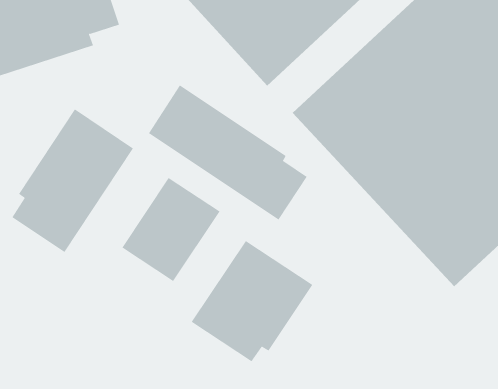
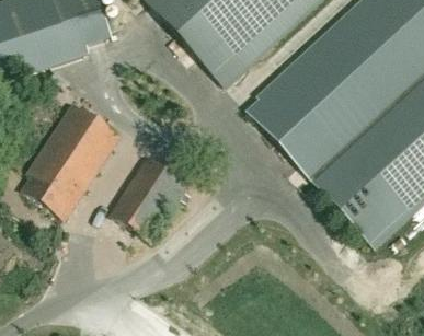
building: [148,84,307,220] -> none
building: [191,240,313,362] -> none

